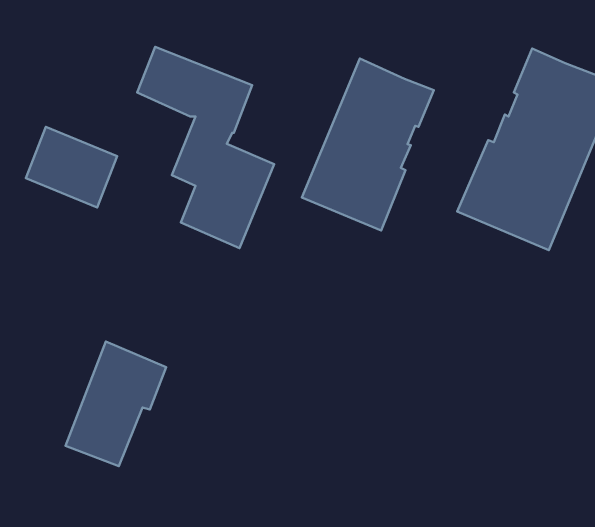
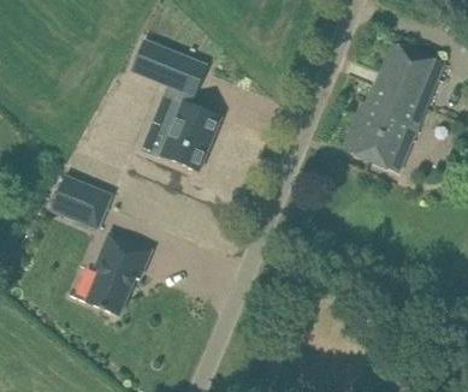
building: [302,58,434,231] -> none
building: [26,127,117,207] -> [51,174,111,227]

